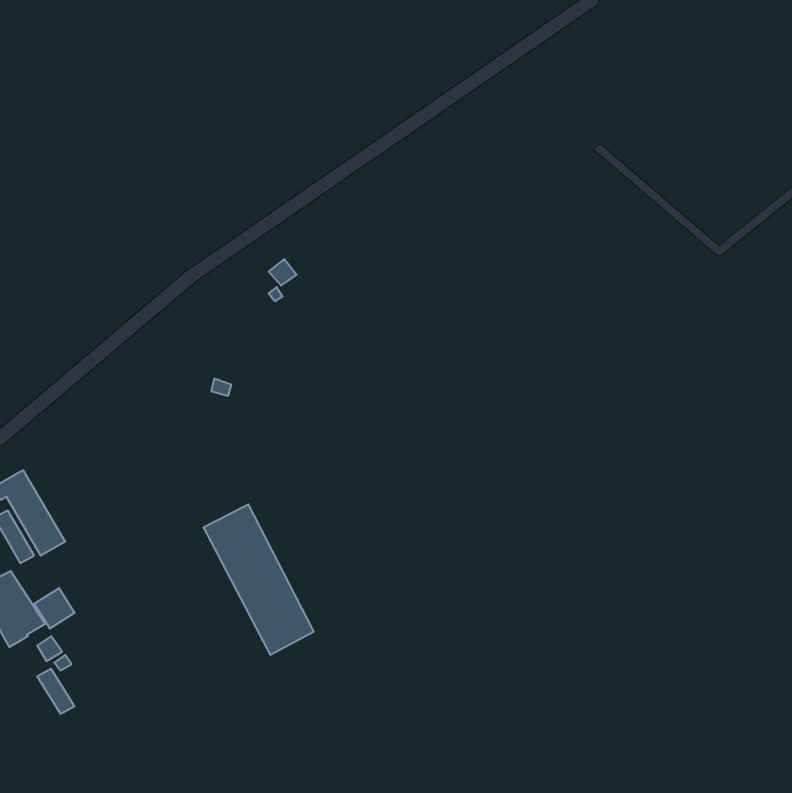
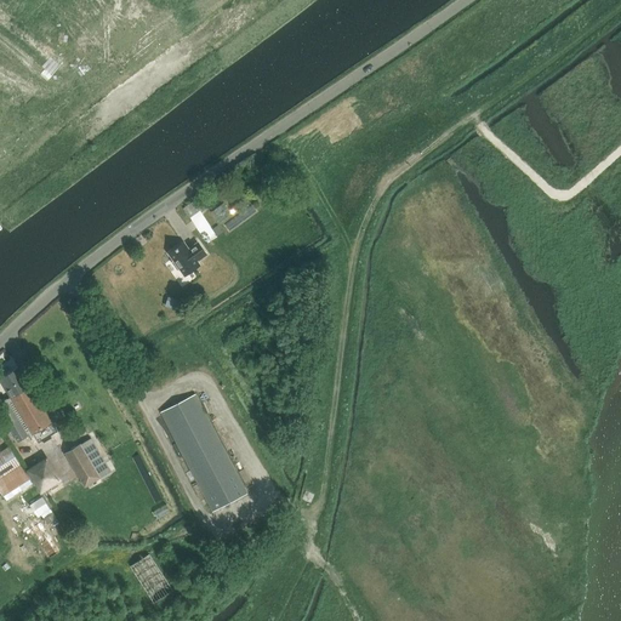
building: none -> [166,241,206,277]
building: none -> [64,438,109,486]
building: none -> [129,553,172,603]

